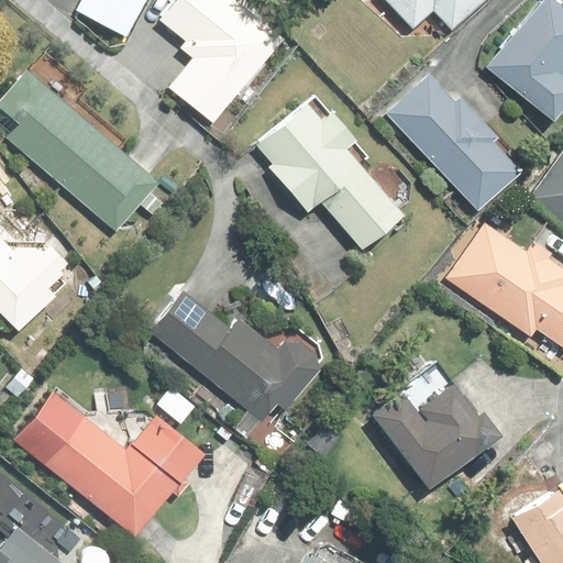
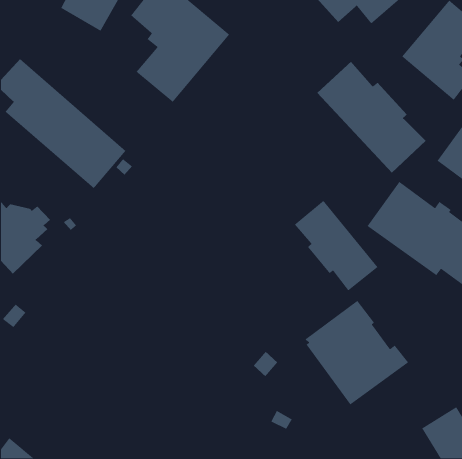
building: [257,104,405,253] -> none
building: none -> [294,200,378,292]
building: [152,291,318,420] -> none
building: [16,394,200,538] -> none

